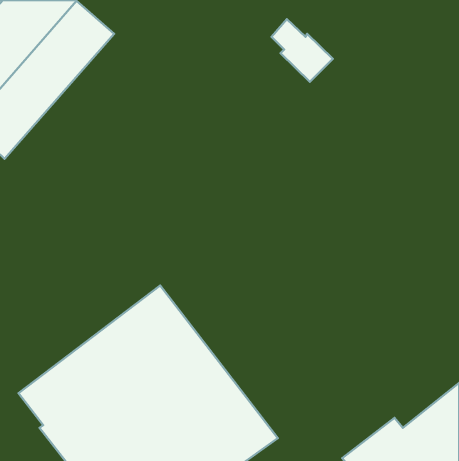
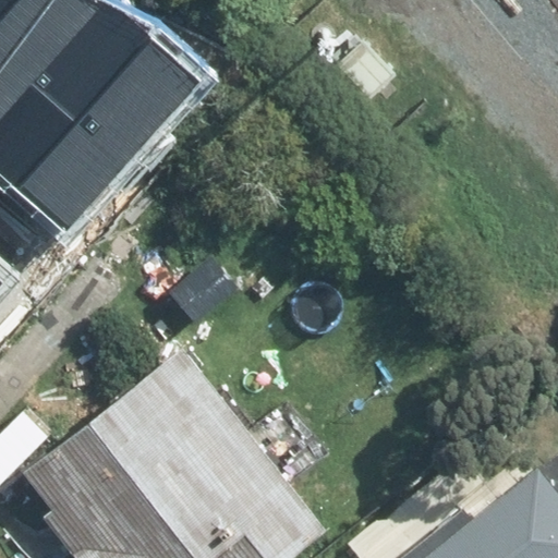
building: none -> [5,50,185,240]

